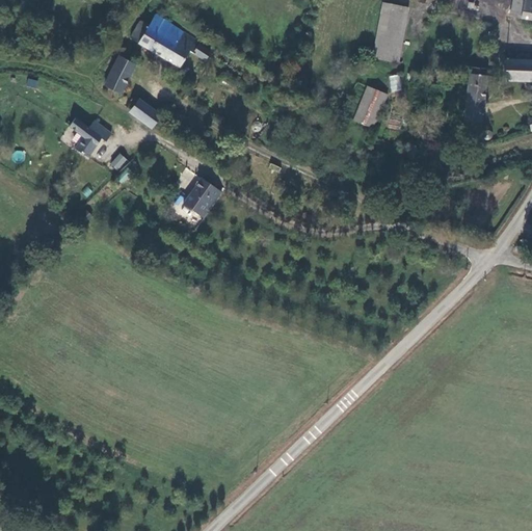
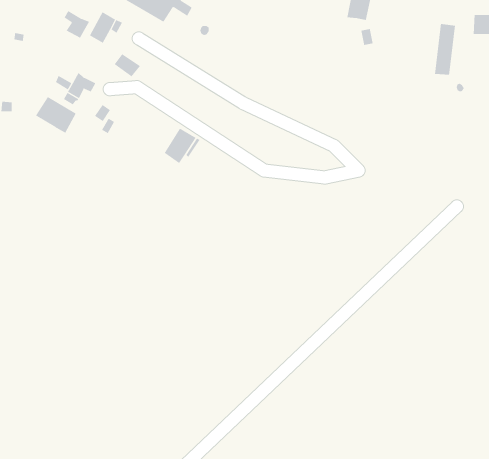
building: none -> [64,10,90,39]
building: [351,86,388,129] -> none
building: none -> [35,96,77,134]

